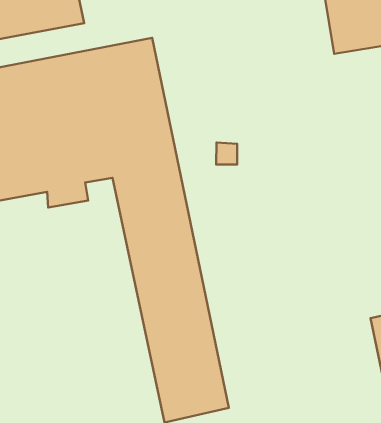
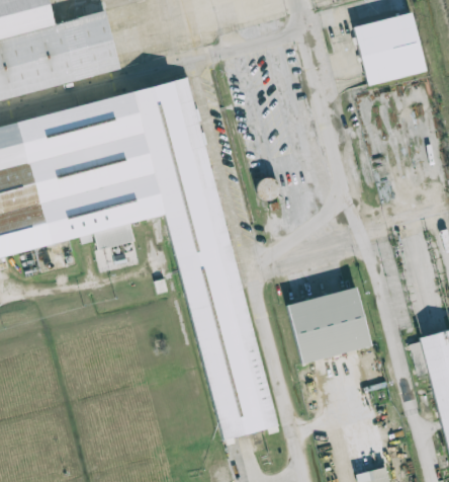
building: none -> [284,289,371,363]

